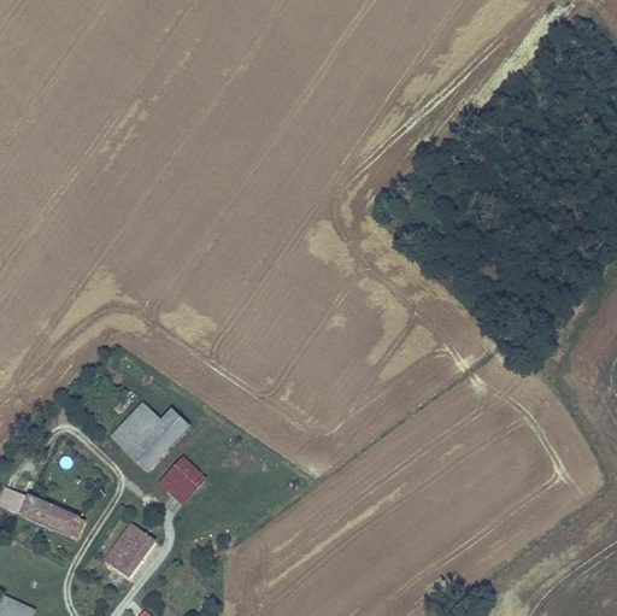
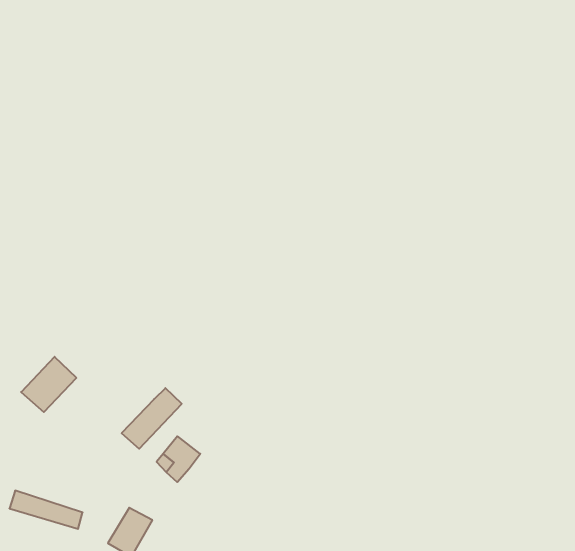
building: [110,397,165,450] -> [21,357,76,412]

